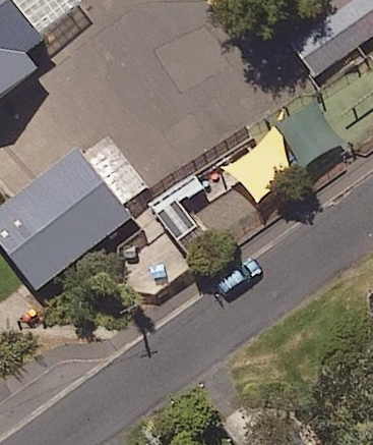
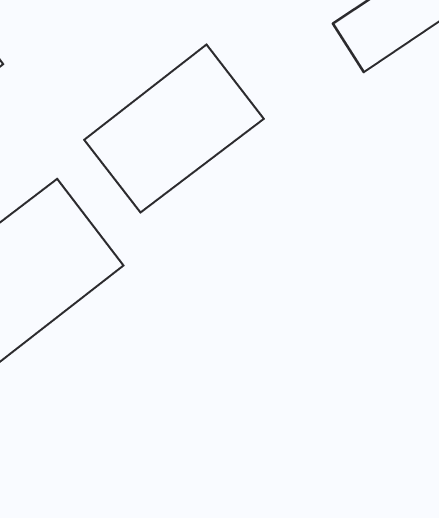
building: none -> [84,45,264,213]

